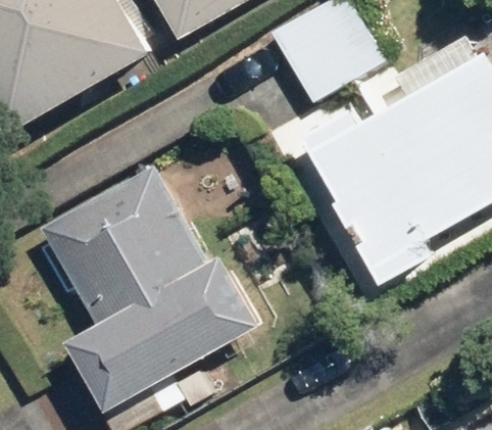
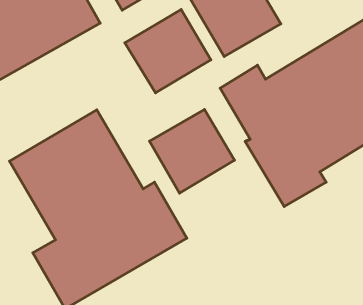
building: none -> [125,9,211,93]
building: none -> [149,109,234,193]

